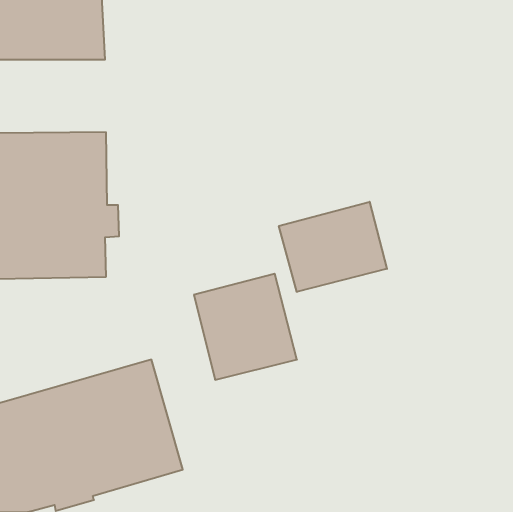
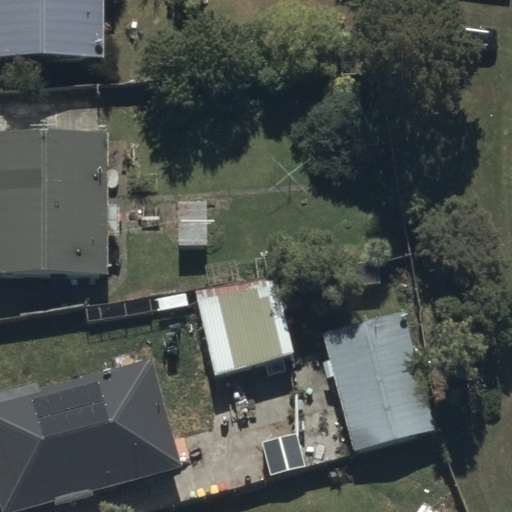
building: [279,202,387,292] -> none
building: none -> [322,310,434,450]

